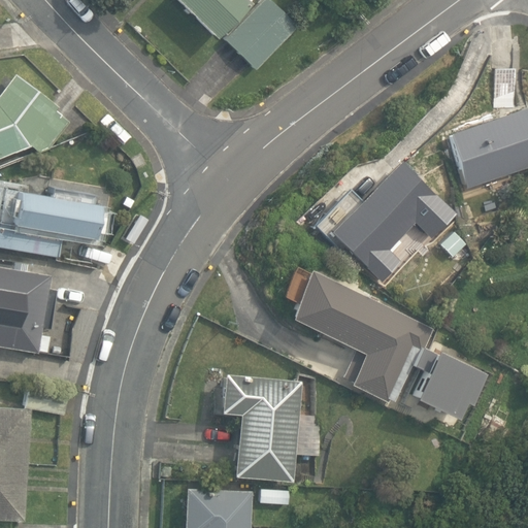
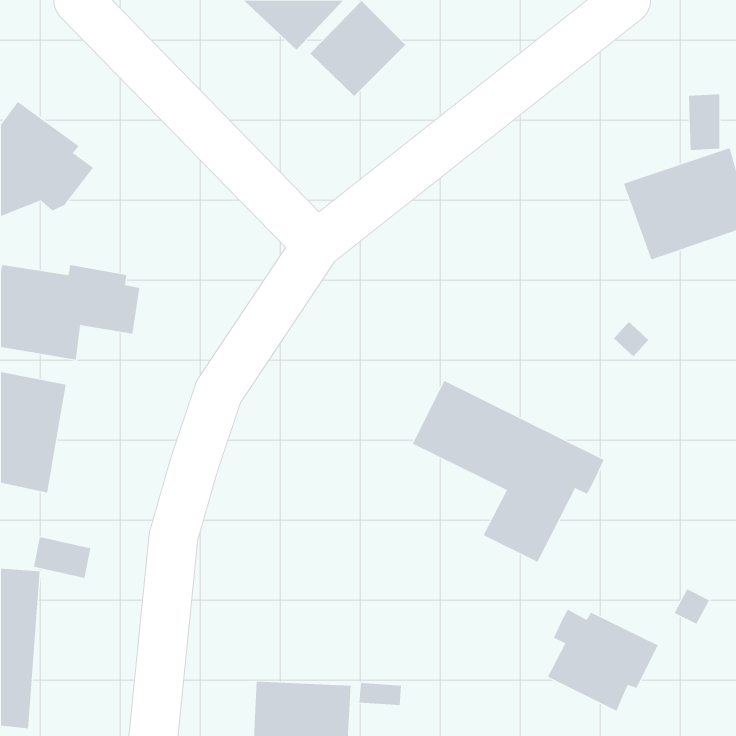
building: [328,160,437,270] -> none
building: [410,348,490,421] -> [547,609,659,712]
building: [219,374,324,482] -> none

